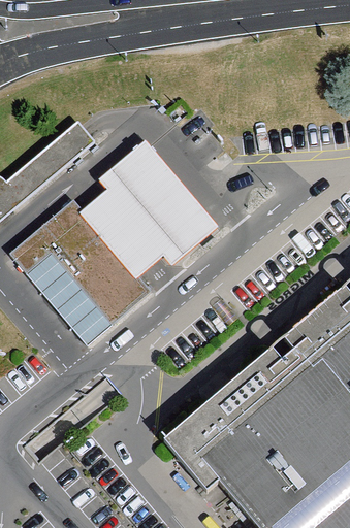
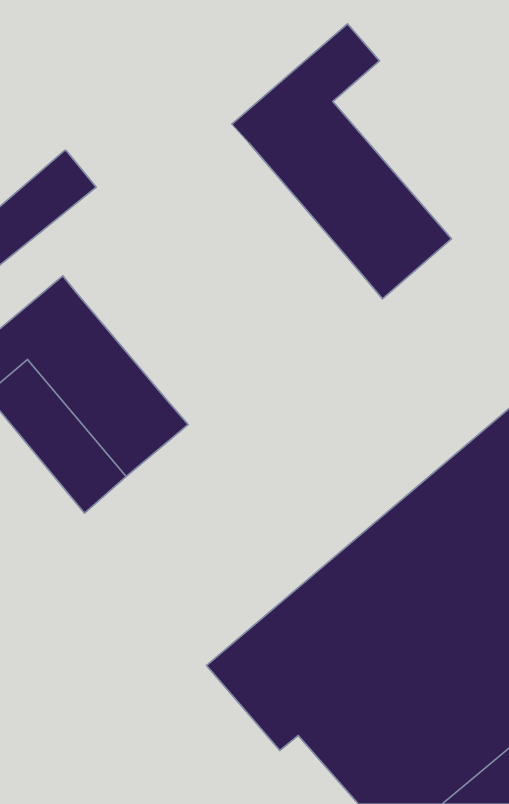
building: none -> [232,24,452,299]
building: [82,140,218,276] -> none

